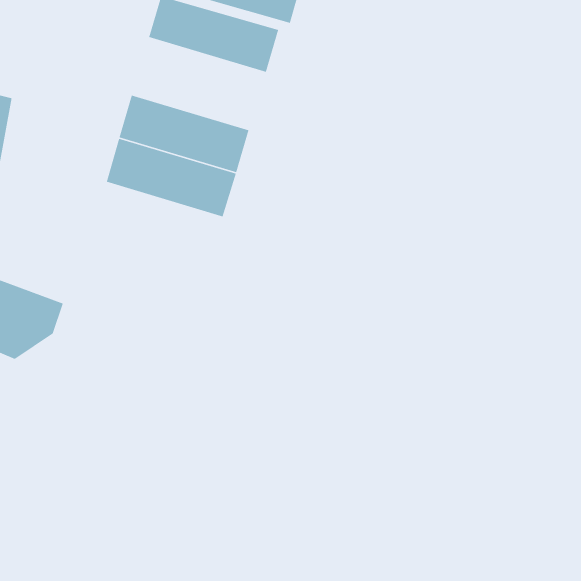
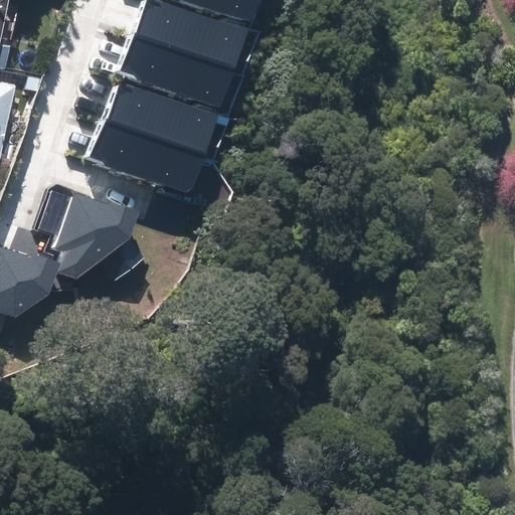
building: none -> [120,33,235,104]
building: none -> [54,192,137,278]

